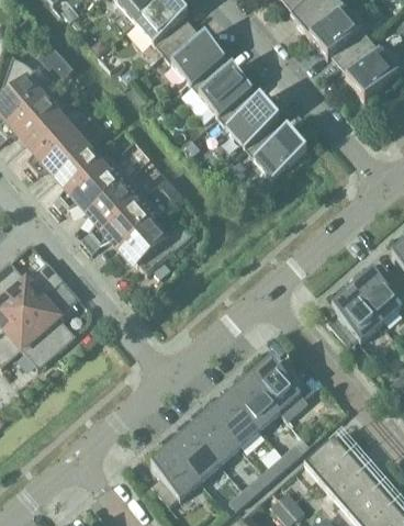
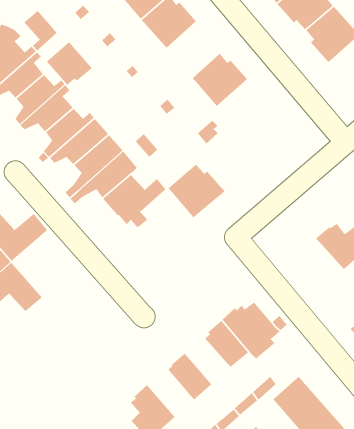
building: [191,54,251,115] -> none
building: none -> [46,41,93,86]
building: [245,116,307,184] -> [167,161,226,224]
building: [24,279,80,351] -> none
building: [326,288,382,347] -> none
building: [211,395,260,445] -> none
building: [170,429,221,480] -> none

